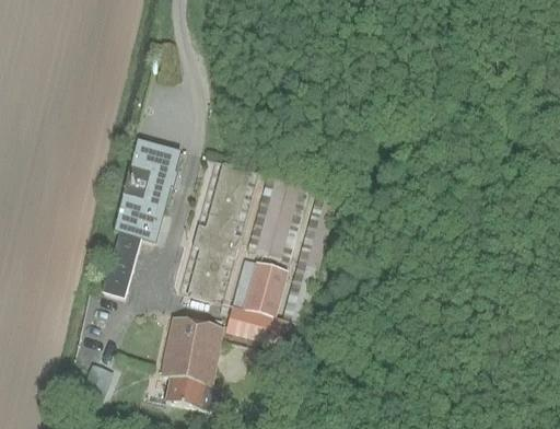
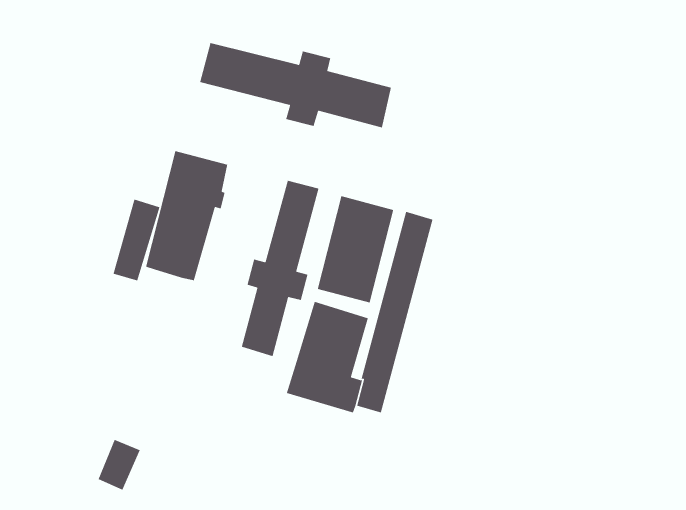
building: none -> [199,42,392,128]
building: [104,232,141,297] -> [113,198,160,281]
building: [161,316,223,409] -> none

